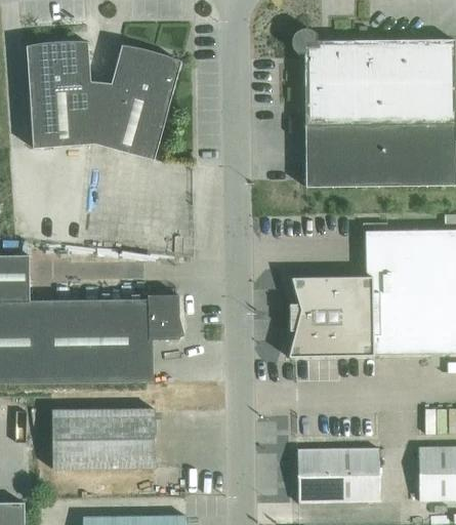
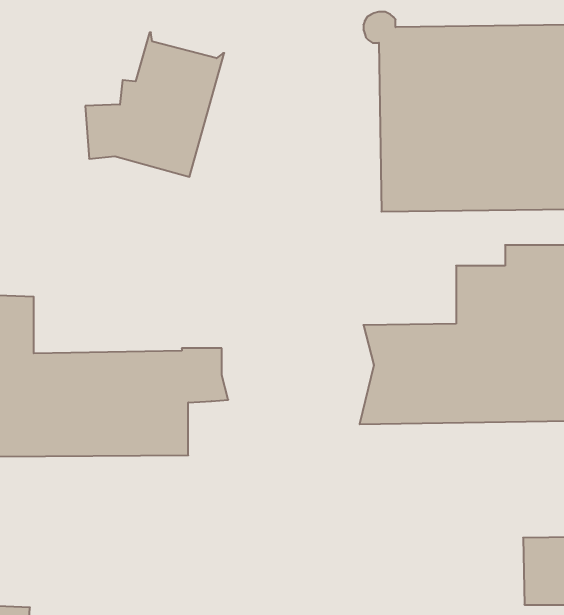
building: [26,42,99,148] -> none
building: [51,409,155,469] -> none
building: [296,448,379,502] -> none

